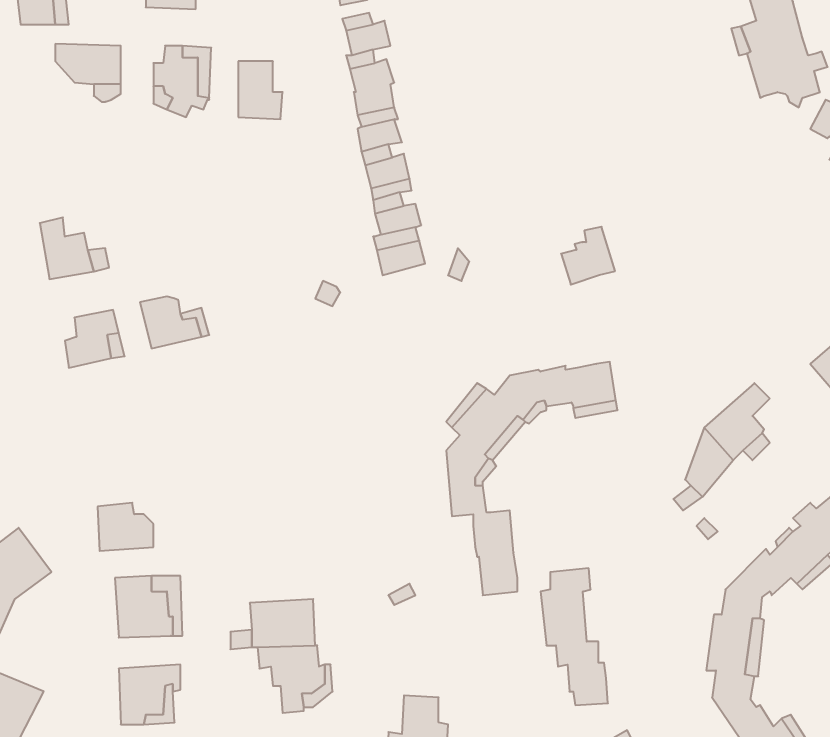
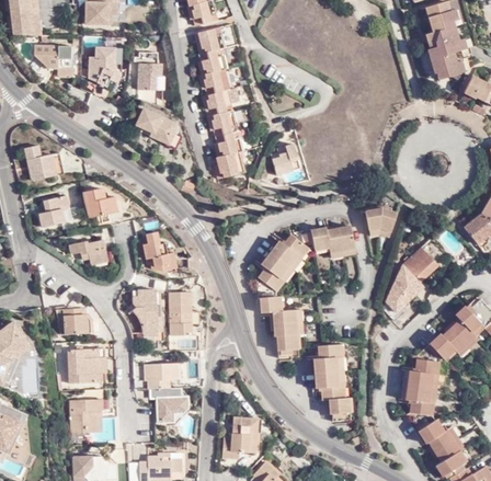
building: none -> [135,107,178,146]
building: [561,227,615,285] -> [272,142,302,175]
building: none -> [365,210,397,233]
building: none -> [142,230,174,268]
building: none -> [69,239,107,264]
building: none -> [129,289,158,341]
building: none -> [169,291,191,334]

